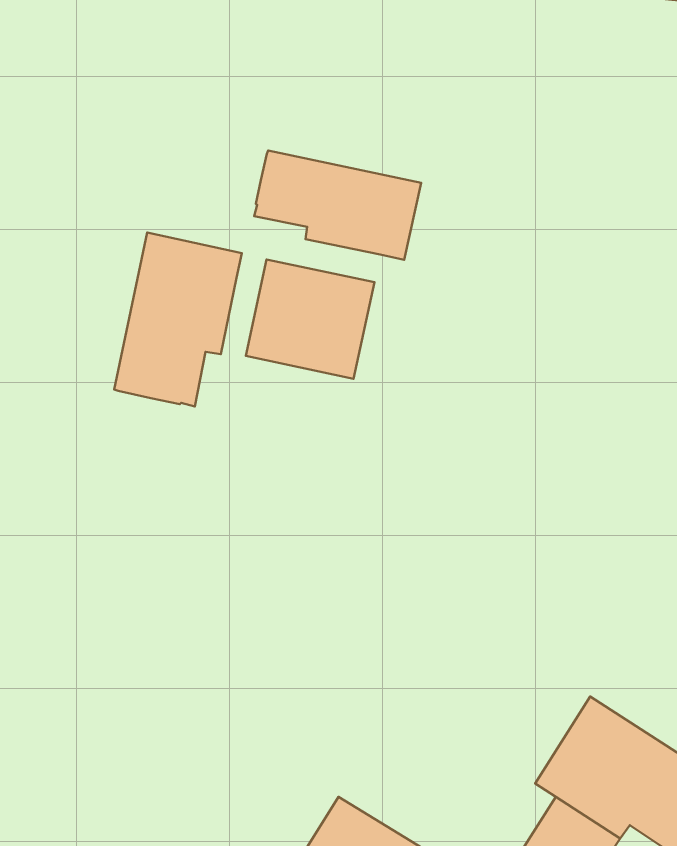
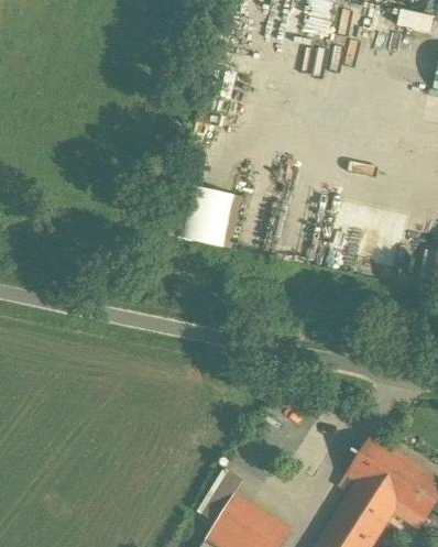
building: [254,151,421,260] -> none
building: [114,232,242,407] -> none

